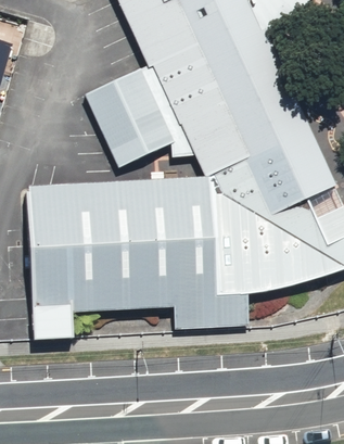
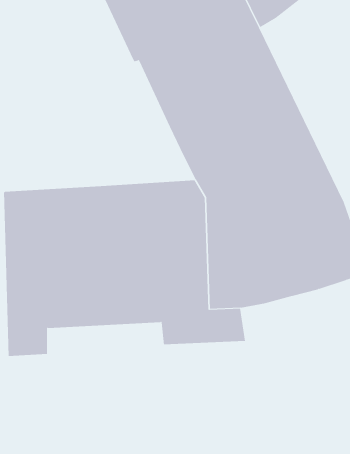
building: [81,64,189,166] -> none

